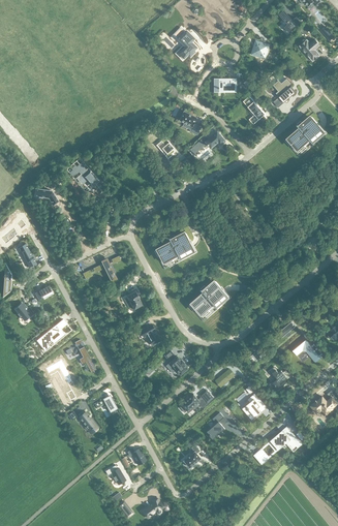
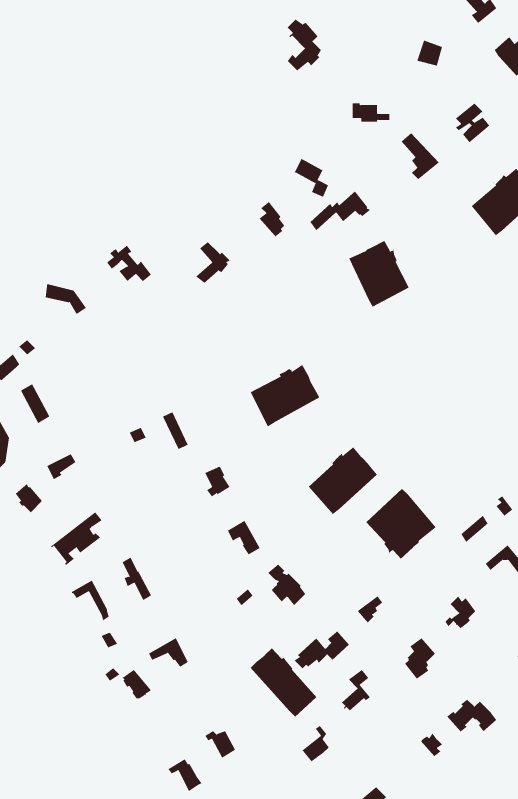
building: none -> [348,240,410,307]
building: none -> [366,488,436,559]
building: none -> [250,647,317,718]

